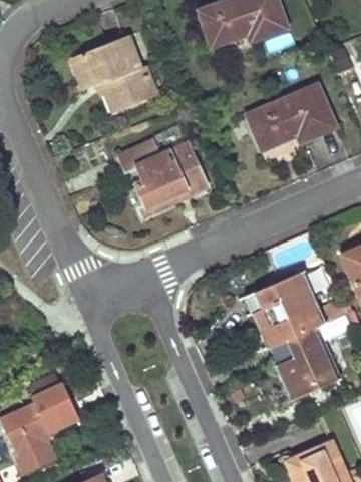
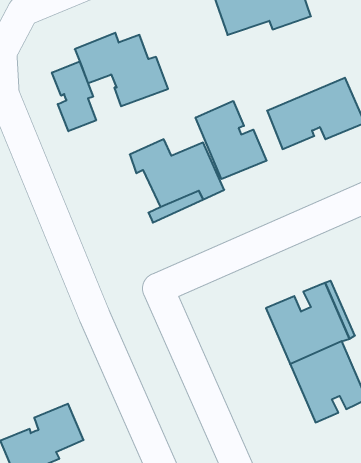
building: none -> [52,62,96,131]
building: none -> [196,101,267,179]

